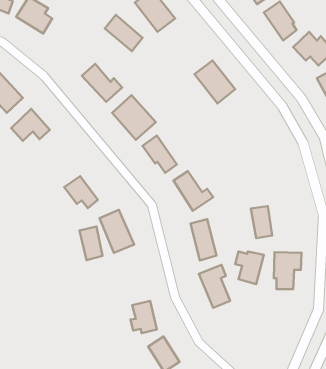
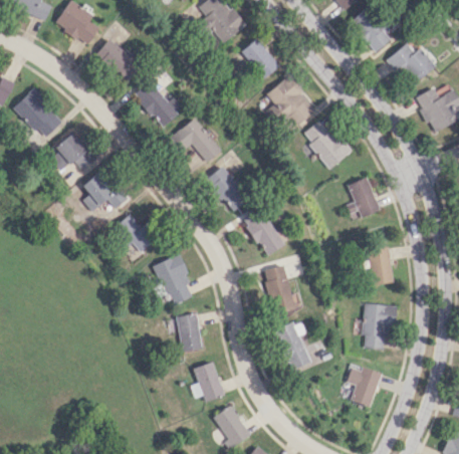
building: [105,15,143,51] -> [95,38,141,81]
building: none -> [241,38,279,79]
building: none -> [302,121,353,169]
building: none -> [83,171,126,208]
building: none -> [350,178,379,217]
building: [251,206,272,238] -> [368,247,393,285]
building: [80,226,102,260] -> [176,312,203,353]
building: [235,251,264,284] -> [347,368,381,407]

